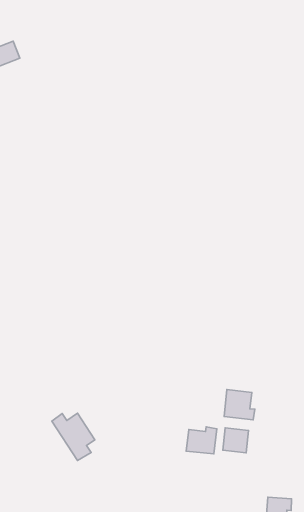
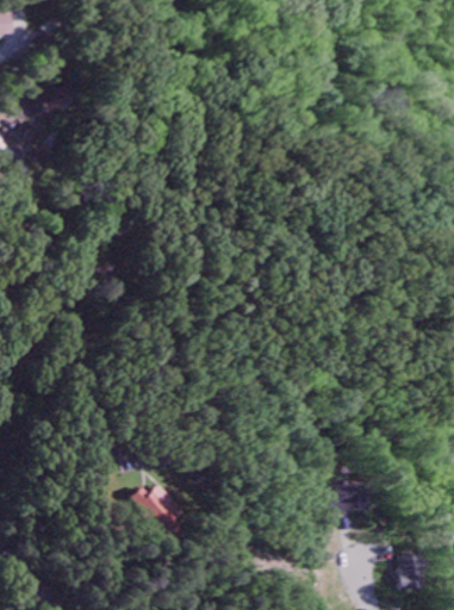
building: [224,389,255,420] -> none
building: [186,427,217,454] -> none

